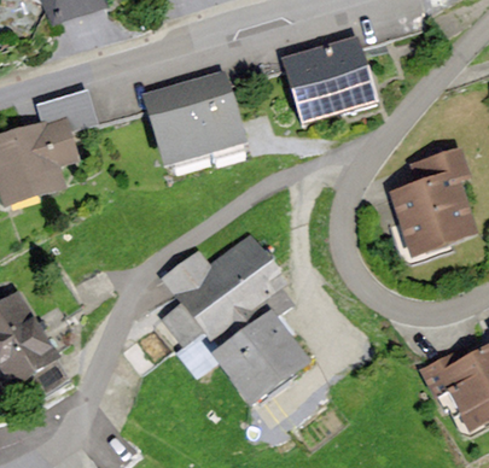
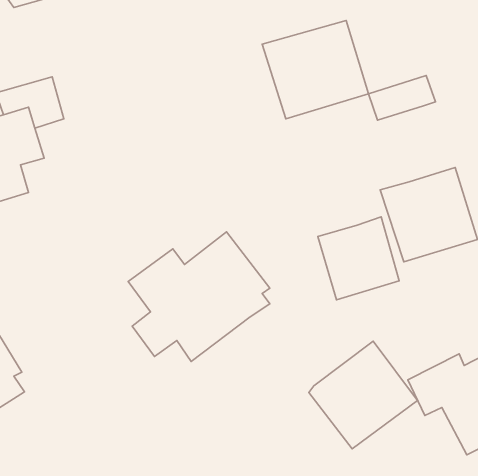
building: [142,69,244,166] -> none
building: [407,142,468,183] -> [368,76,435,120]
building: none -> [318,217,399,300]
building: [210,308,310,406] -> [309,341,418,449]

